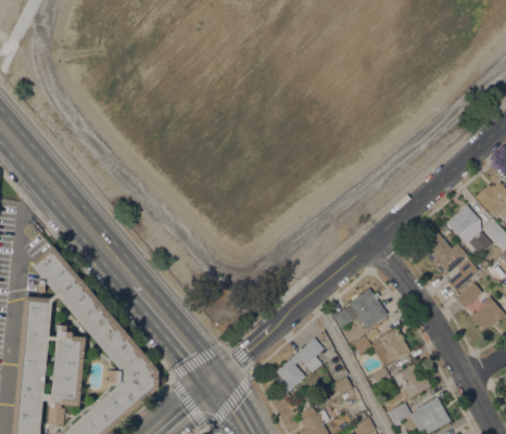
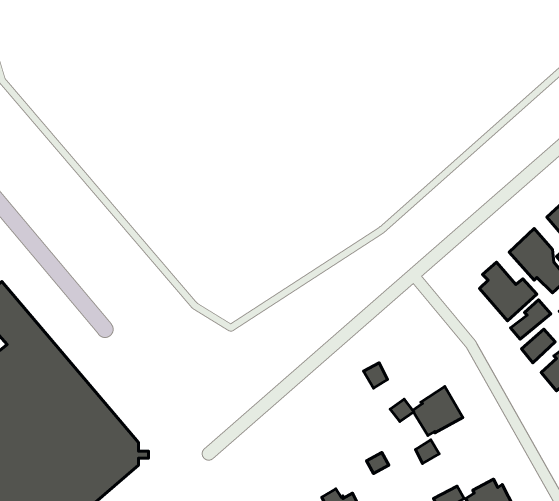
building: [349,289,388,330] -> none
building: [276,339,324,394] -> none
building: [400,365,432,398] -> none

